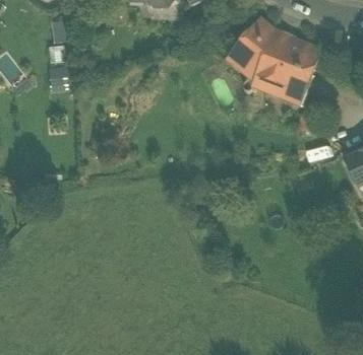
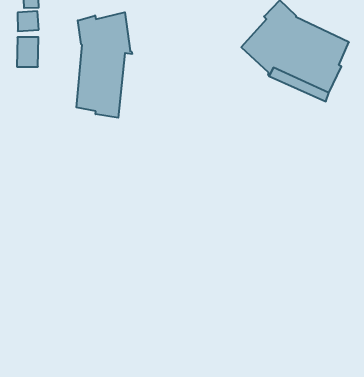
building: none -> [76,12,132,118]

